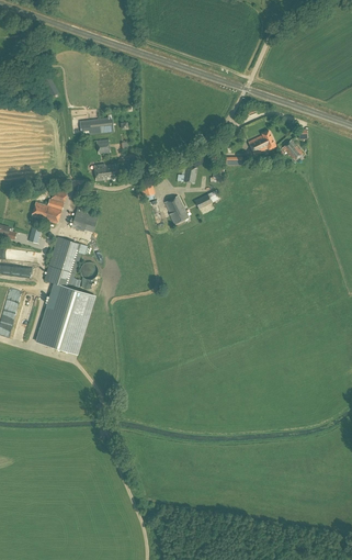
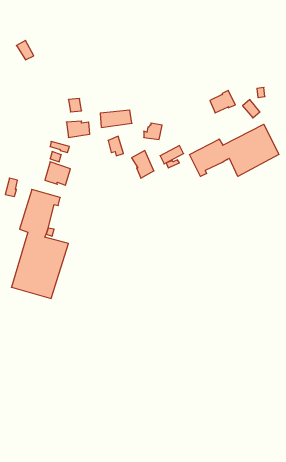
building: [79,116,113,135] -> [100,110,132,127]
building: none -> [190,124,279,176]
building: [31,189,66,223] -> none

